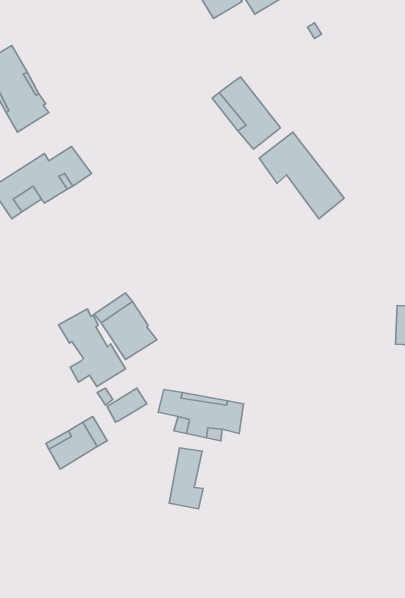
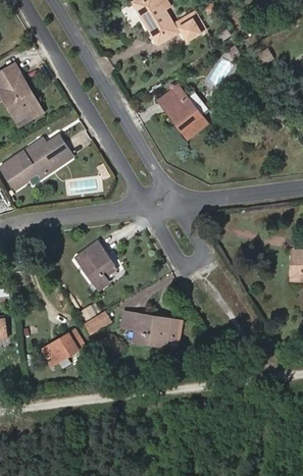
building: [259,132,344,219] -> none
building: [58,309,126,387] -> none
building: [169,448,203,509] -> none

